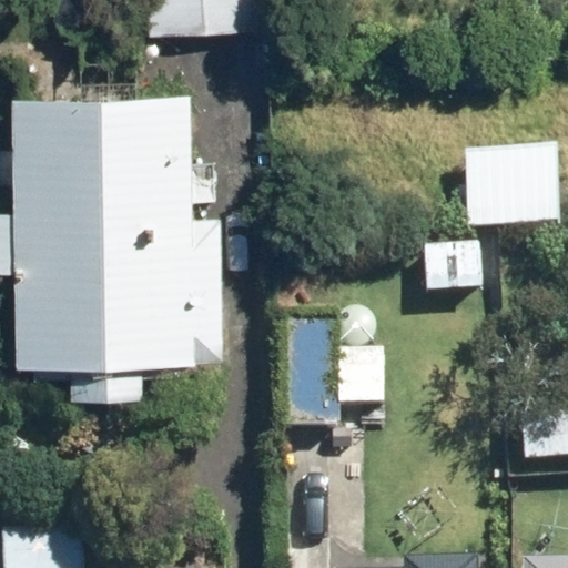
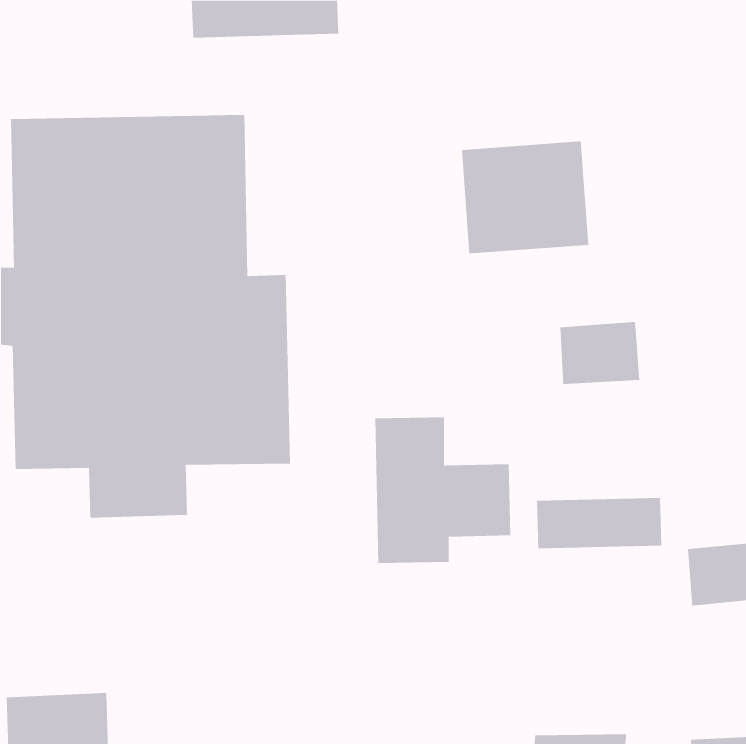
building: [465,149,561,234] -> [461,141,589,254]

